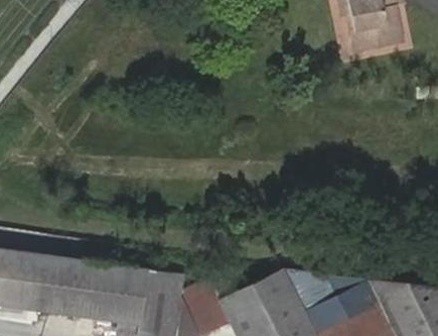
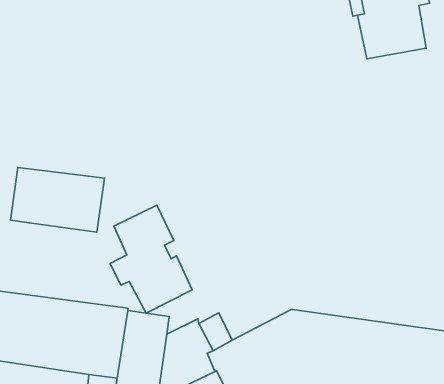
building: none -> [11,168,104,232]
building: none -> [110,205,192,313]

